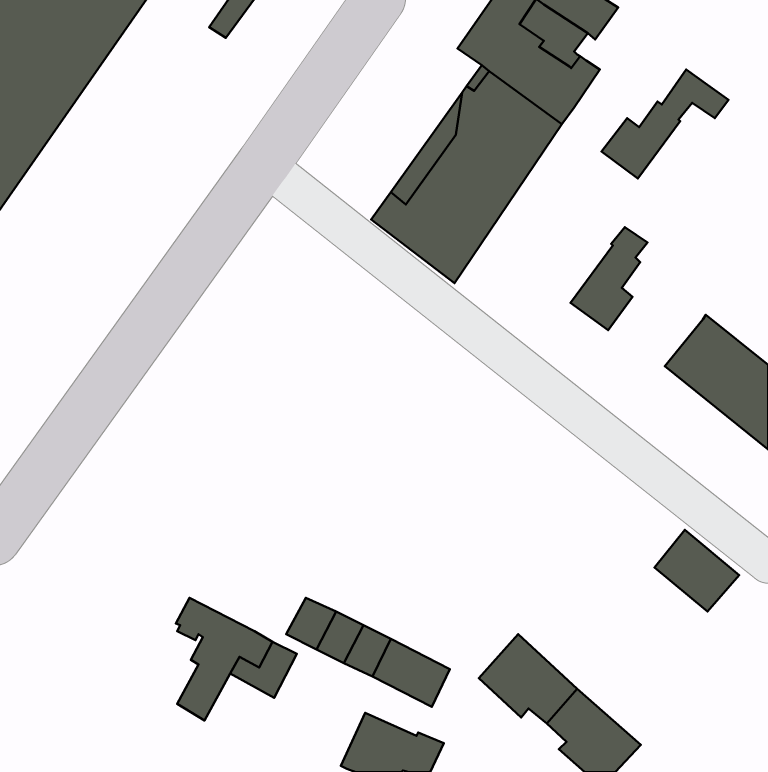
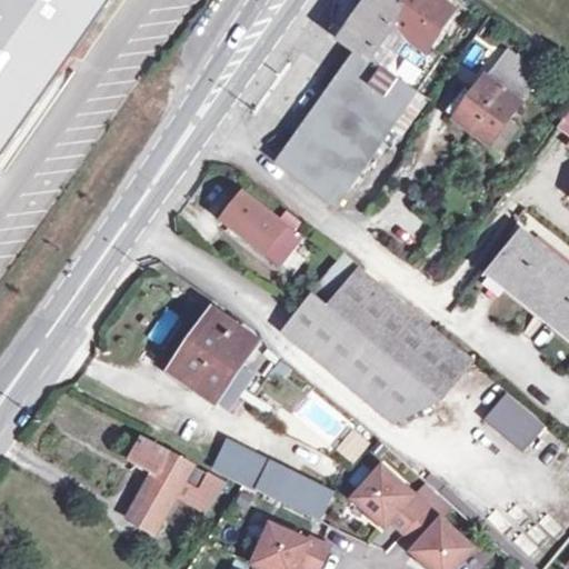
building: [570,227,648,330] -> [468,76,525,151]
building: none -> [220,191,299,263]
building: none -> [280,253,469,420]
building: none -> [171,311,256,401]

